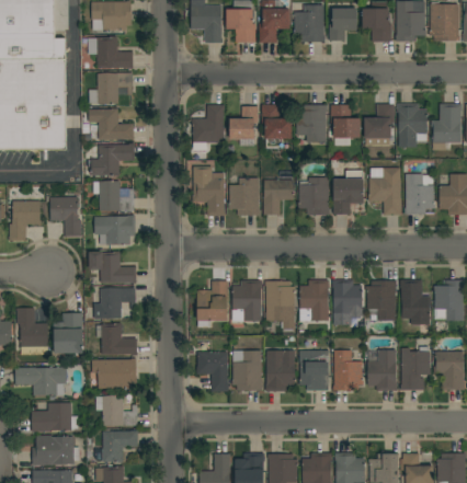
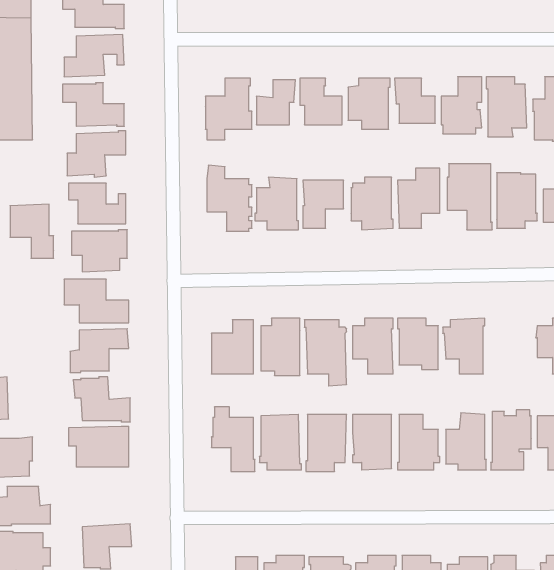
building: [399,280,430,325] -> none
building: [53,313,82,354] -> none
building: [95,396,137,427] -> none

